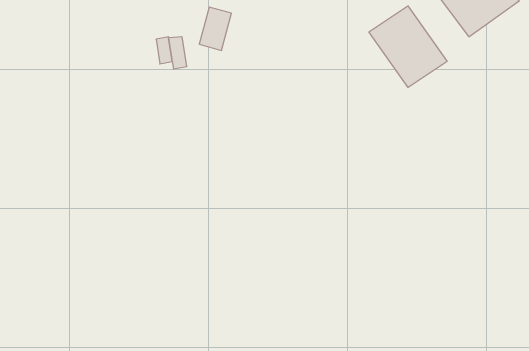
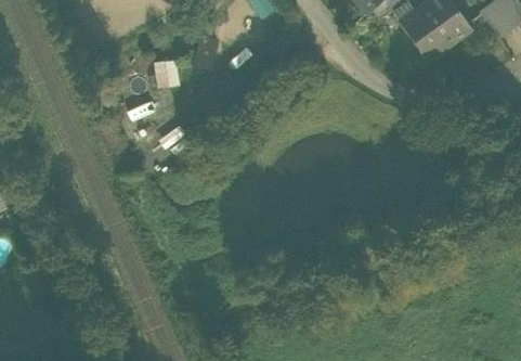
building: [369,6,447,87] -> none

